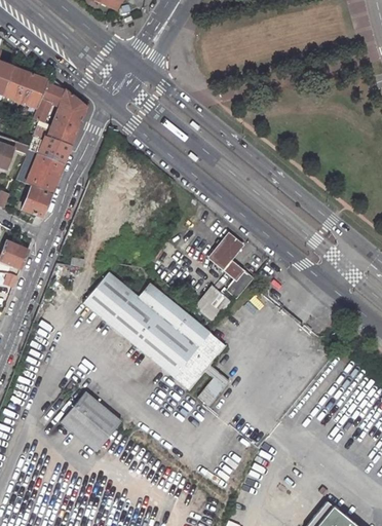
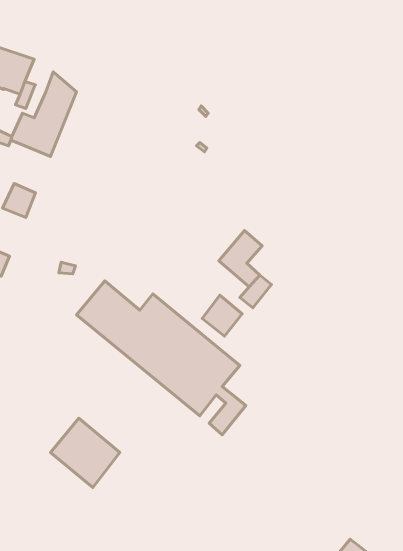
building: [39,77,64,108] -> none
building: [27,155,62,194] -> none

